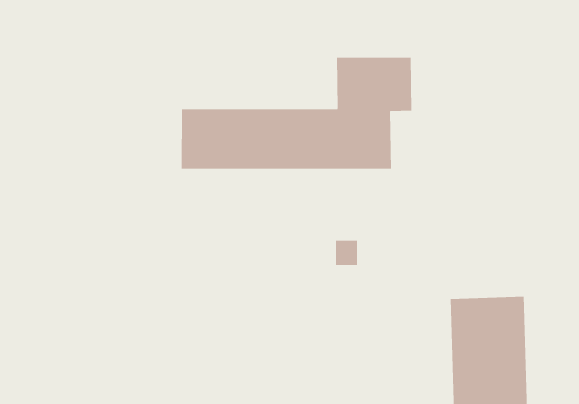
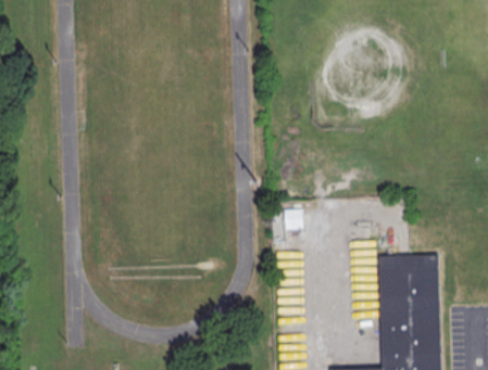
building: [181,57,412,169] -> none

